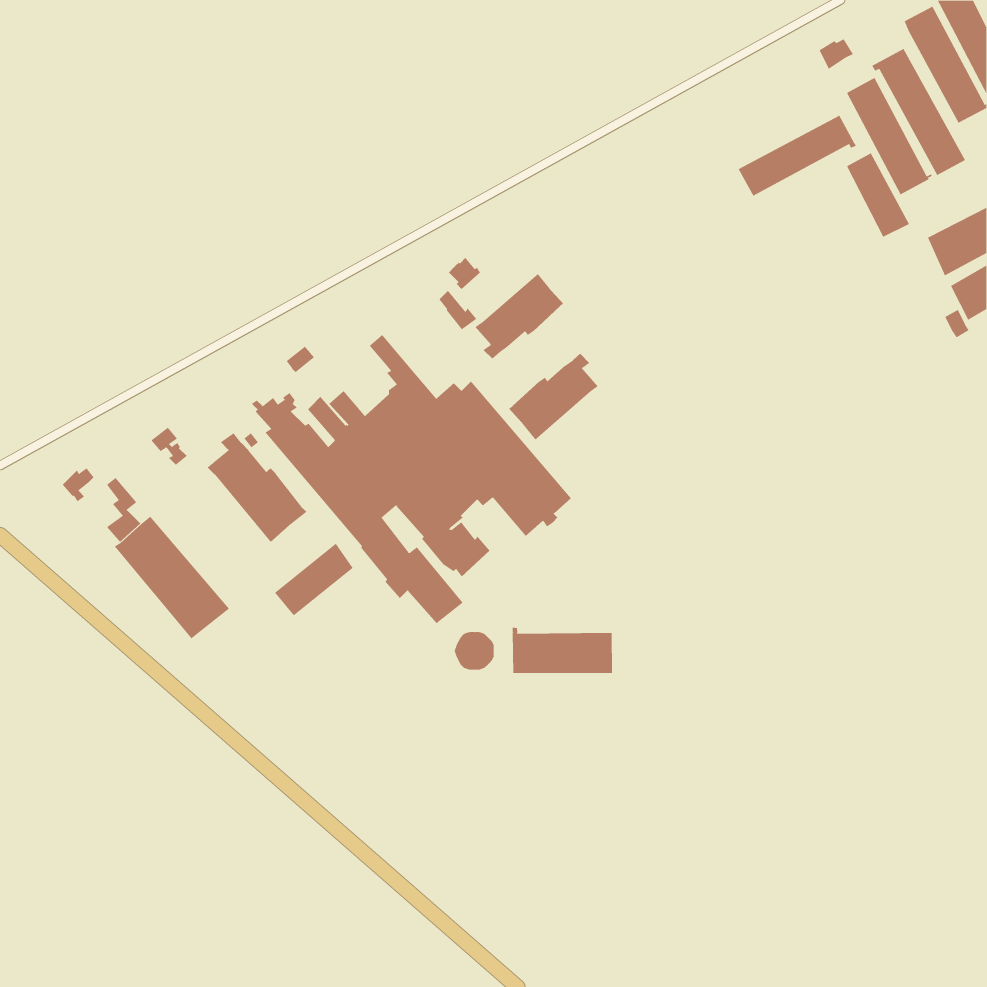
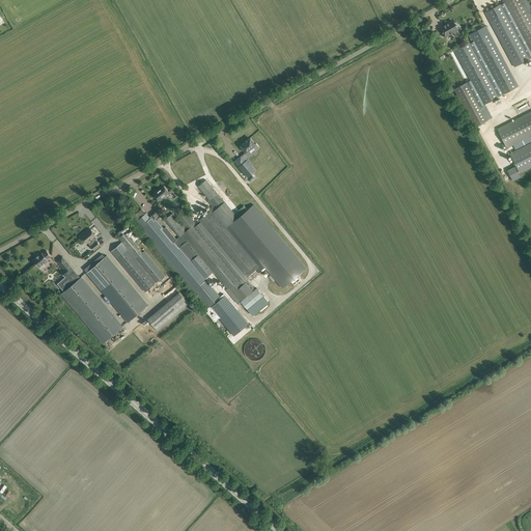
building: [738,115,857,197] -> none
building: [475,273,564,360] -> none
building: [508,353,599,440] -> none
building: none -> [86,255,148,322]
building: [512,627,612,674] -> none

